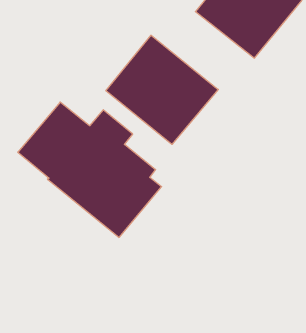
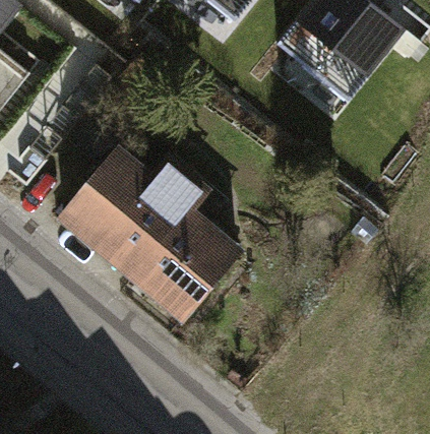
building: [106,35,218,144] -> none

